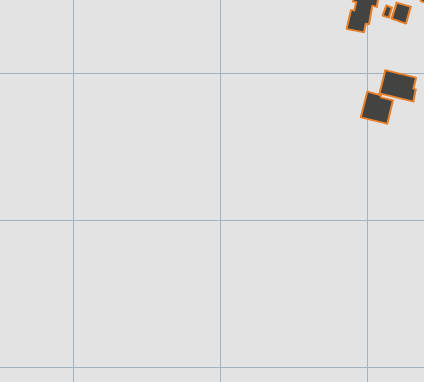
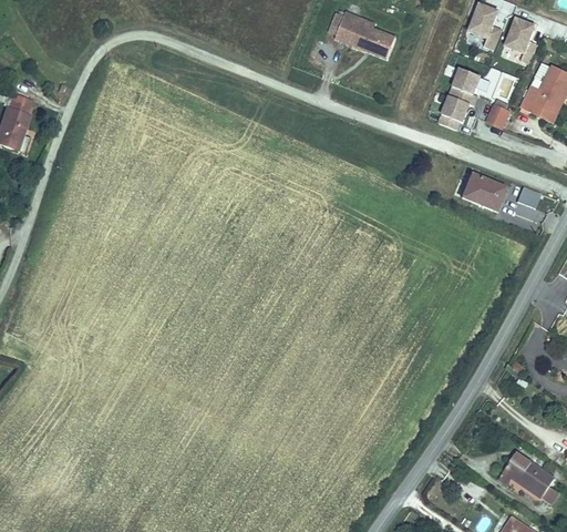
building: [361,91,393,124] -> none

